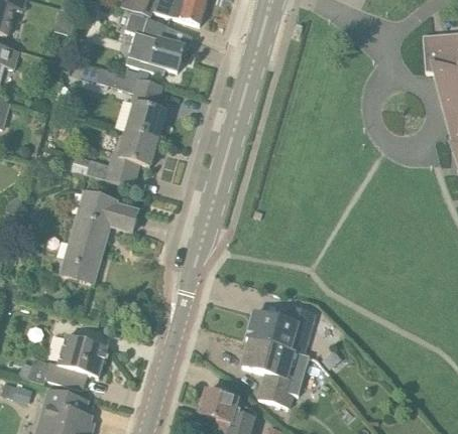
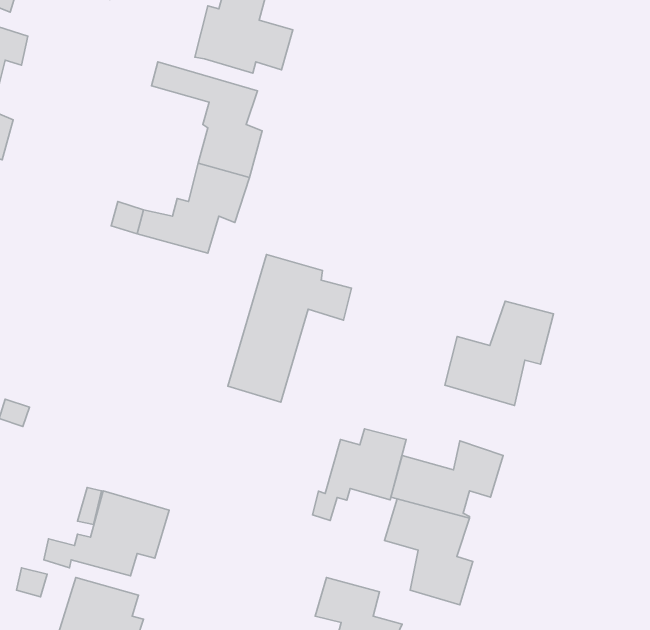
building: [59,189,136,282] -> [228,254,352,402]
building: none -> [445,301,554,406]
building: none -> [313,429,406,521]

